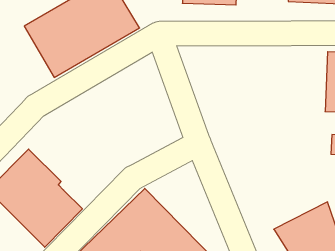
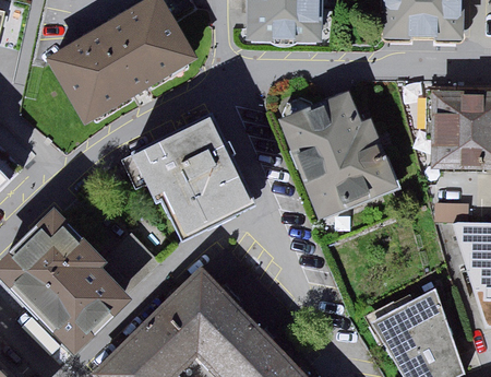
building: none -> [279,91,394,220]
building: none -> [132,119,251,237]
building: none -> [98,237,156,294]

